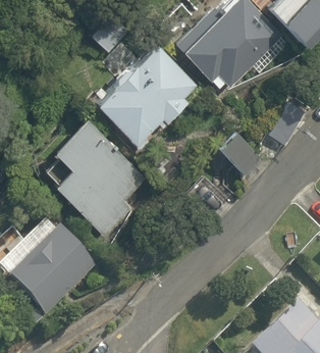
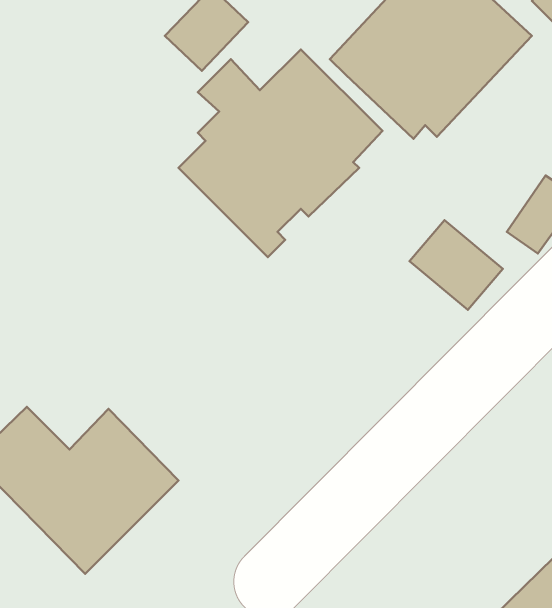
building: [26,112,144,235] -> none

